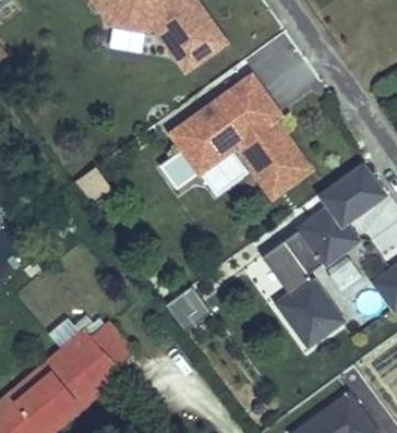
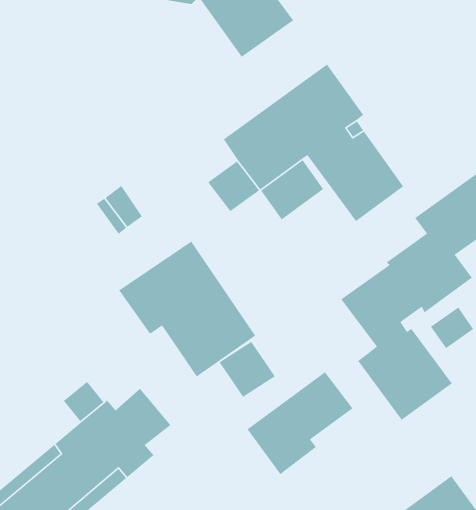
building: none -> [118,241,256,378]
building: none -> [247,371,353,475]

